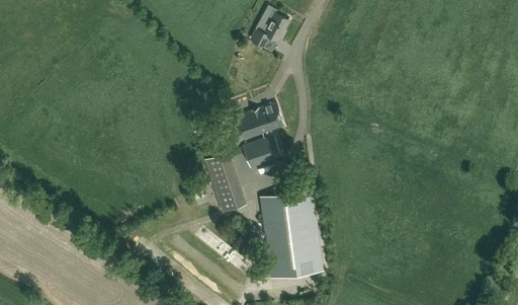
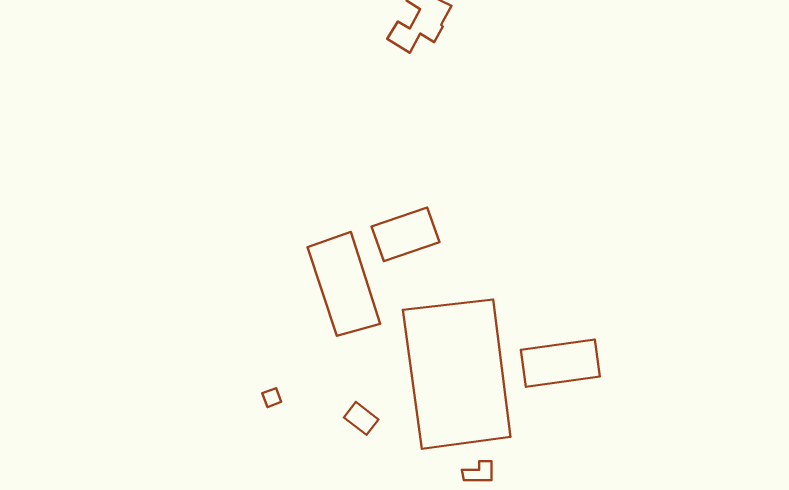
building: [233,102,284,142] -> none
building: none -> [521,340,600,387]

